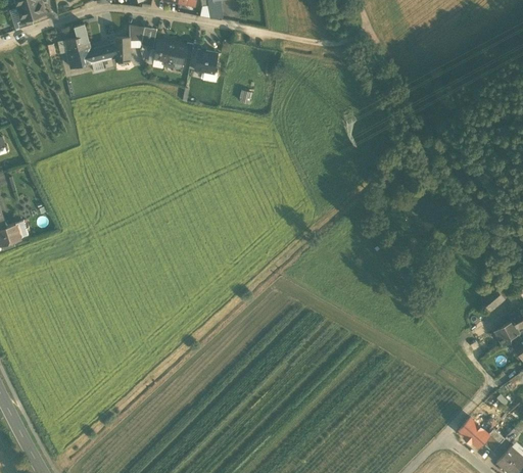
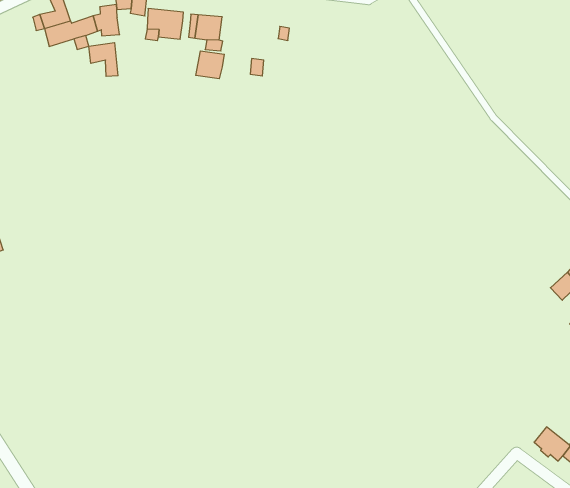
building: none -> [89,43,118,76]
building: none -> [196,51,224,79]

